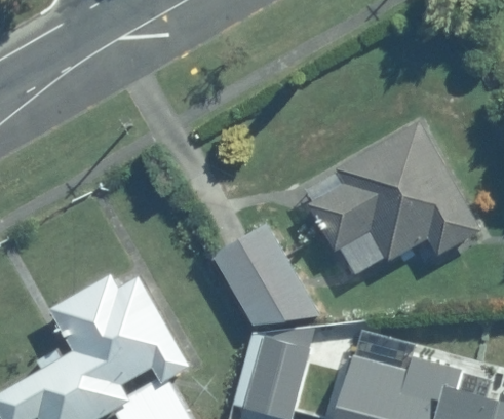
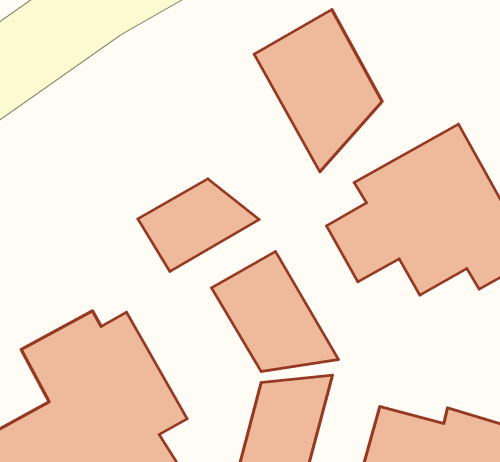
building: none -> [254,9,382,172]
building: none -> [138,179,259,272]

